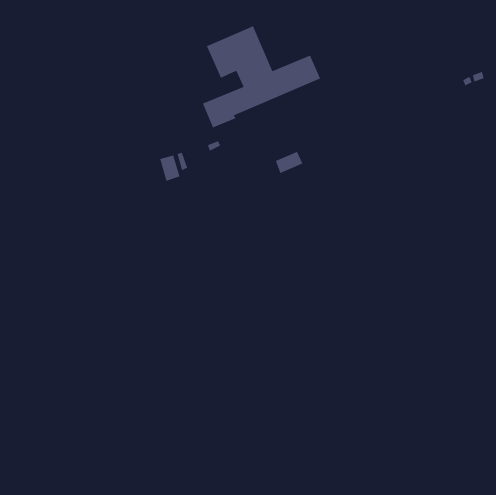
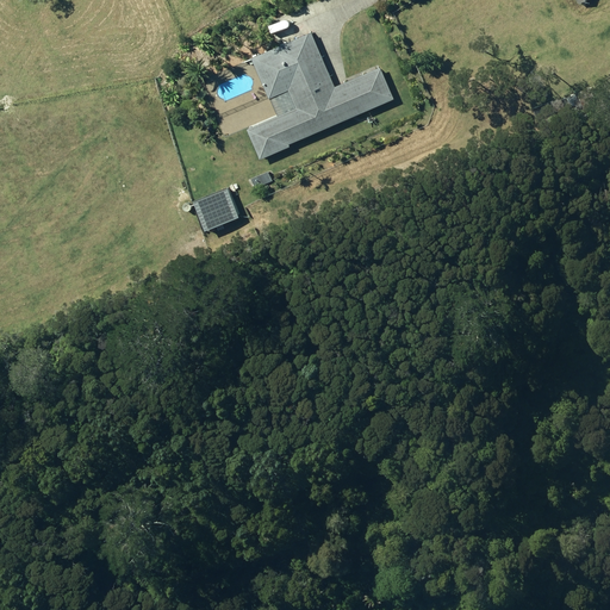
building: [275,151,303,174] -> none

